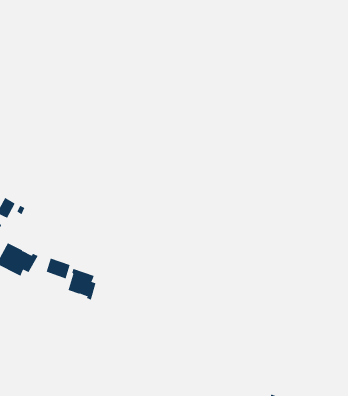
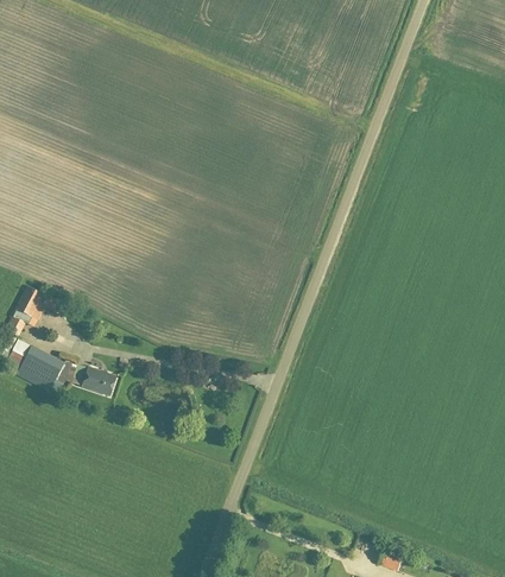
building: [68,268,96,300] -> none

